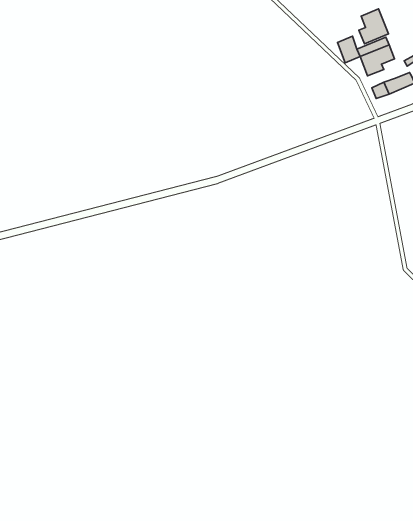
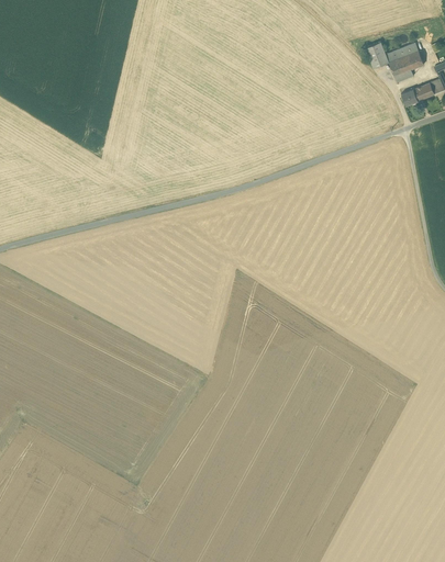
building: [359,9,388,44] -> none

